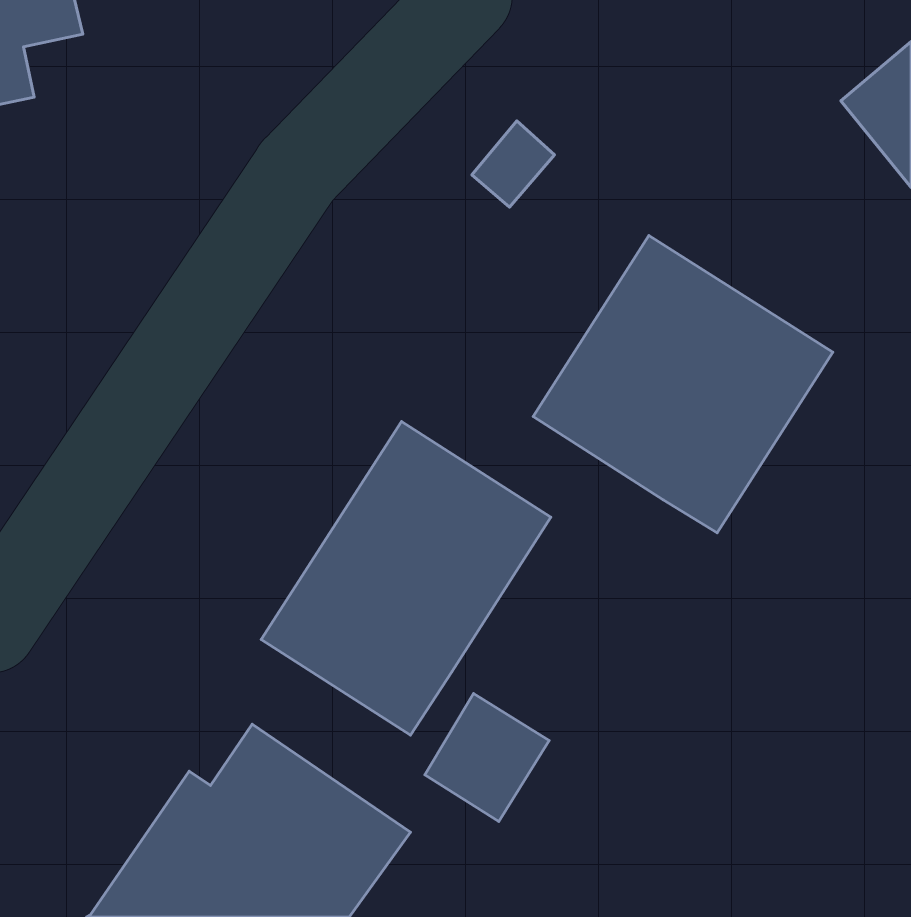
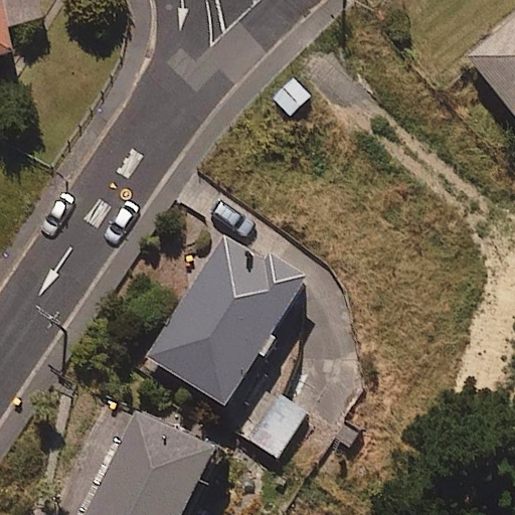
building: [533,236,833,533] -> none

